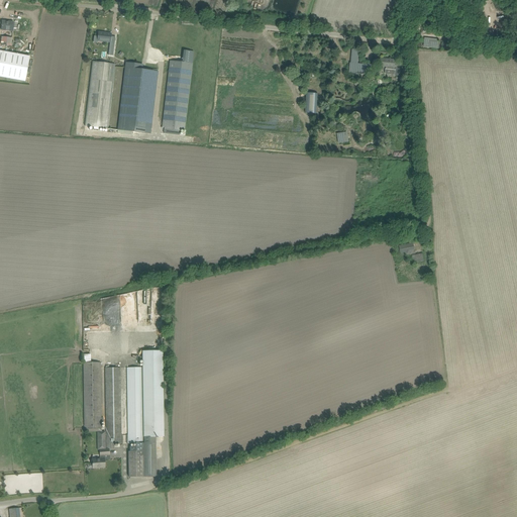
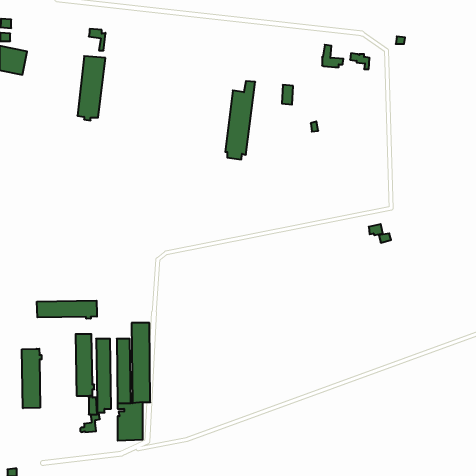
building: [161,49,193,134] -> [225,81,255,159]
building: [116,62,158,132] -> none
building: none -> [37,301,97,319]
building: none -> [22,349,42,408]

